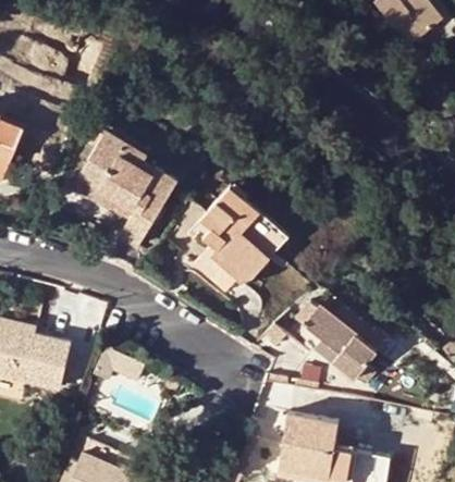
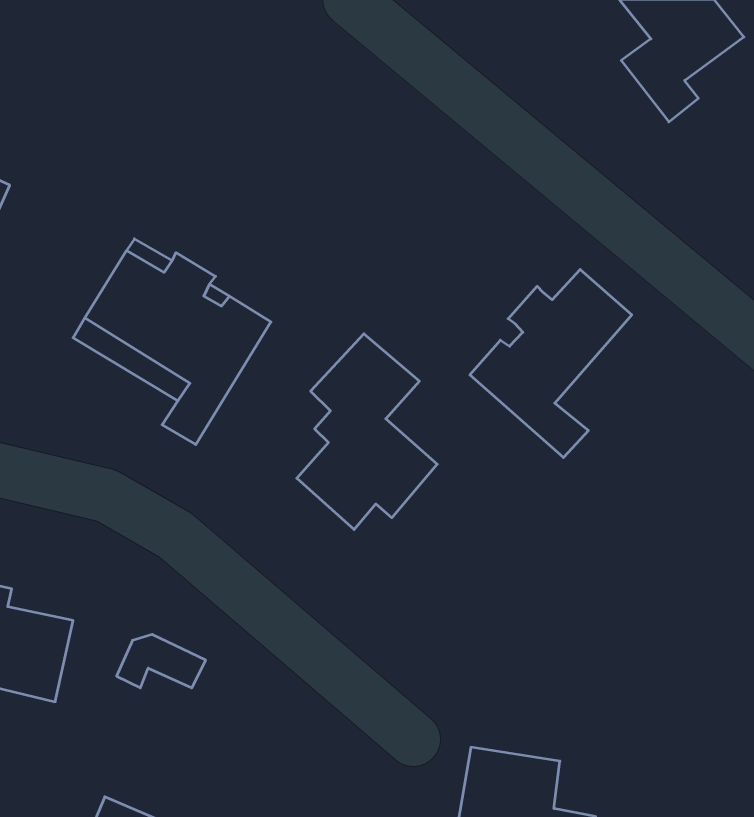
building: none -> [470,269,632,458]
building: [242,212,288,258] -> none
building: [297,301,376,379] -> none

